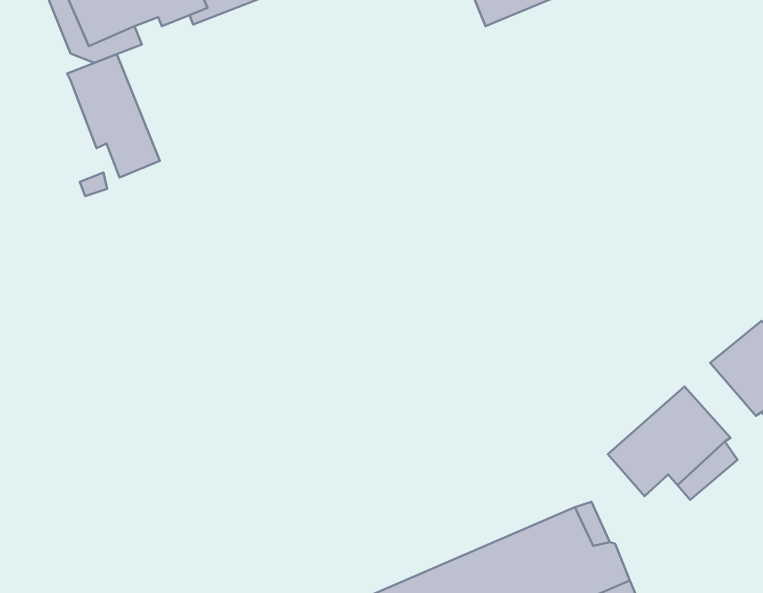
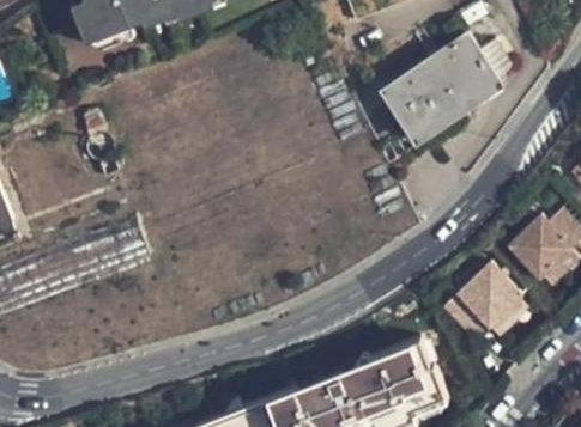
building: none -> [387,30,502,133]
building: [67,54,160,177] -> none

